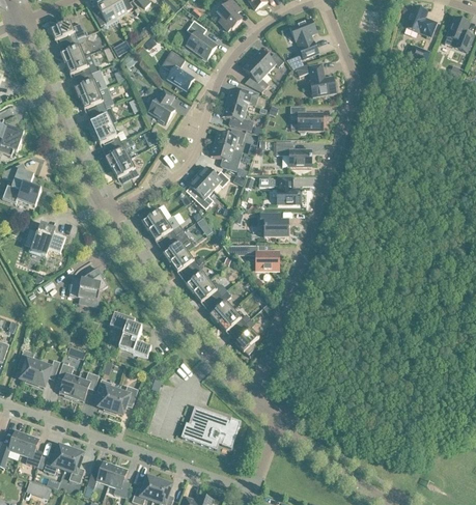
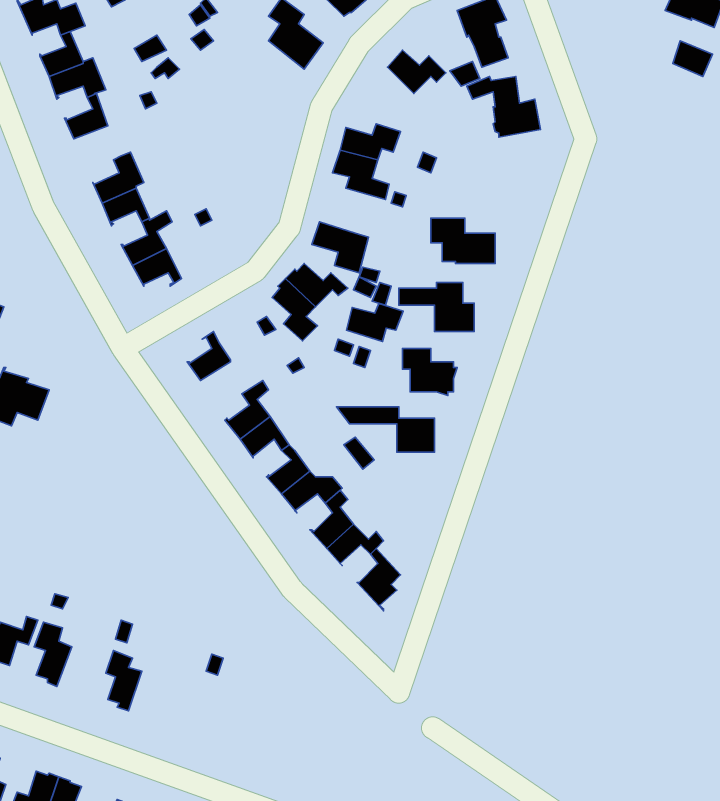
building: [163,51,195,90] -> none
building: [243,58,269,92] -> none
building: [80,87,114,110] -> none
building: [148,89,175,123] -> none
building: [290,106,324,133] -> none
building: [215,129,246,149] -> [347,304,403,341]
building: [149,215,184,242] -> none
building: [69,274,108,304] -> none
building: [110,311,151,357] -> none
building: [71,371,100,400] -> none
building: [110,386,138,415] -> none
building: [180,408,241,449] -> none

